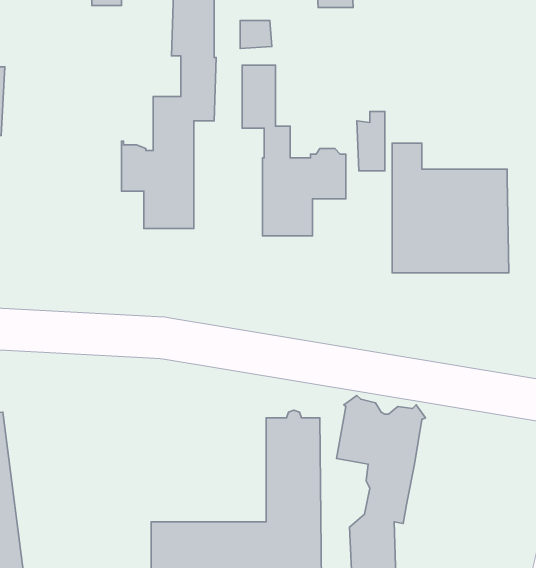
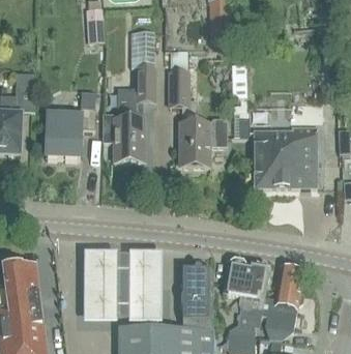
building: none -> [46,91,95,157]
building: none -> [82,248,162,319]
building: none -> [259,264,304,338]

